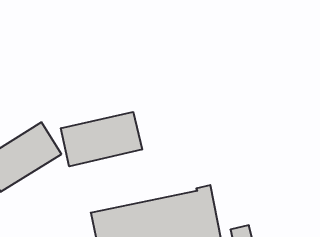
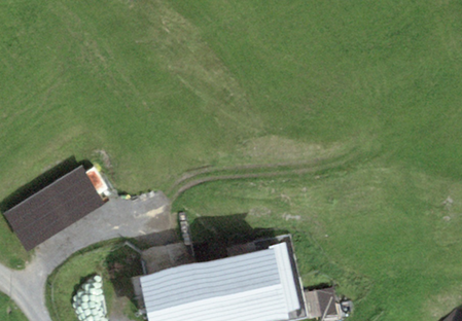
building: [61,112,142,166] -> none

